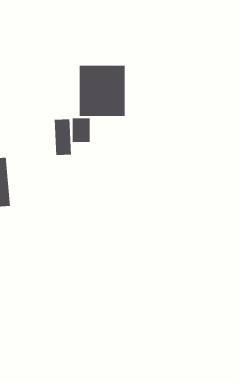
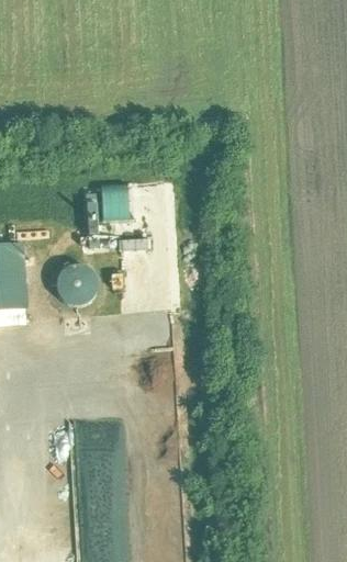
building: [79,65,125,117] -> none
building: none -> [54,262,97,304]

